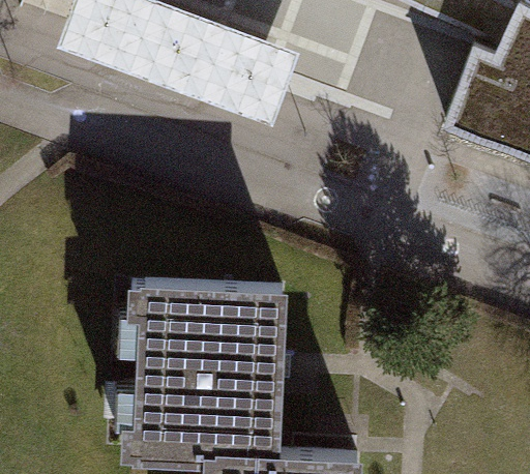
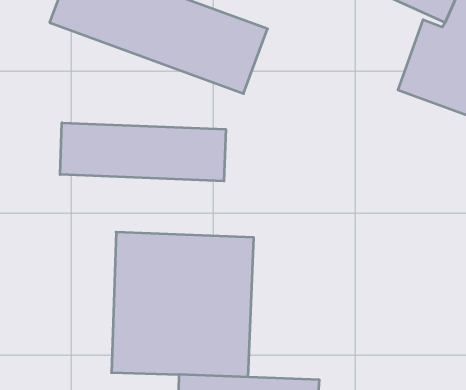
building: none -> [60,123,226,181]

